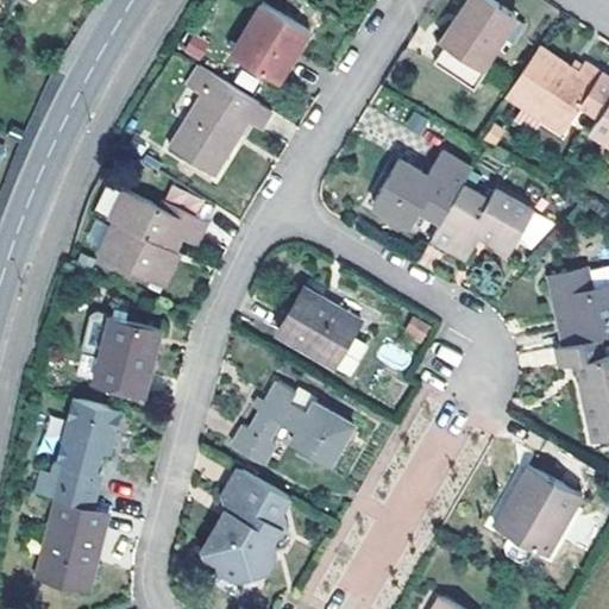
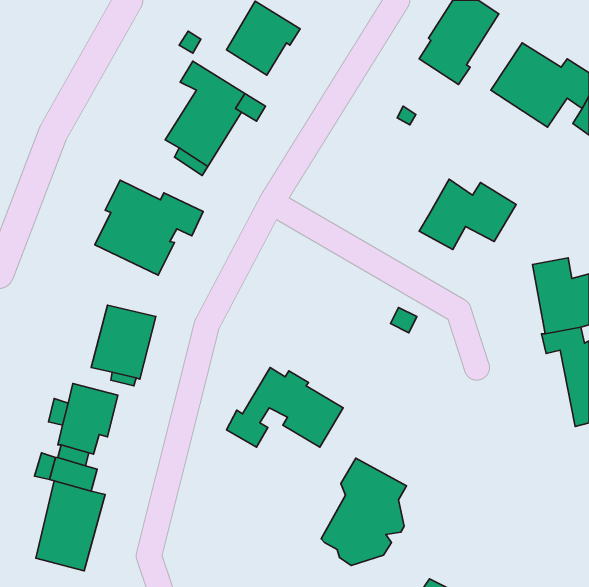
building: [372,152,472,227] -> none
building: [277,289,366,375] -> none
building: [495,466,582,565] -> none
building: [202,469,290,579] -> [321,458,407,566]

